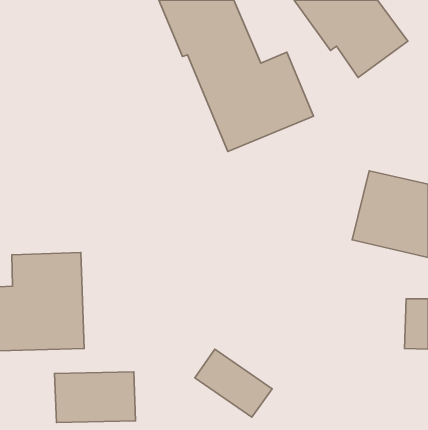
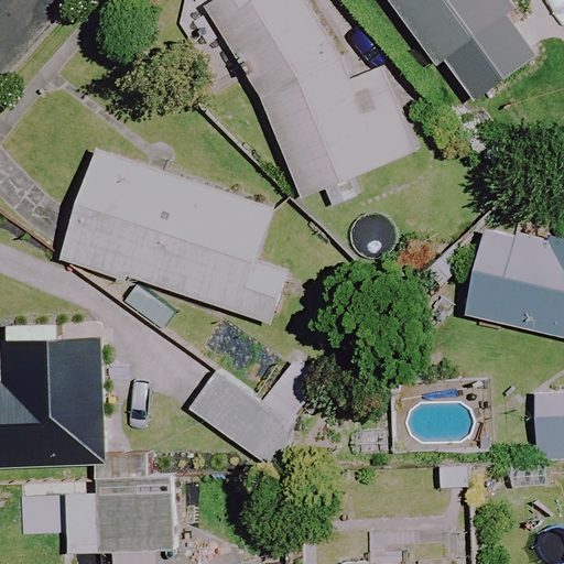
building: none -> [63,143,294,317]
building: [195,349,272,417] -> [194,369,295,458]

